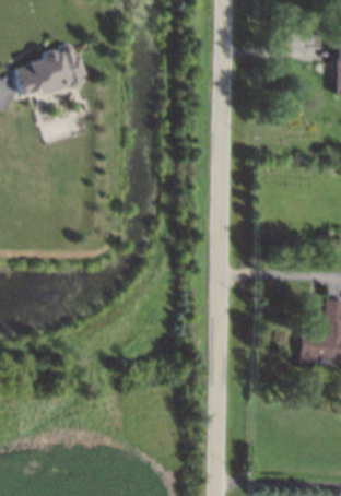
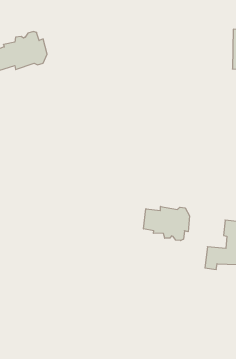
building: none -> [144,206,190,241]

